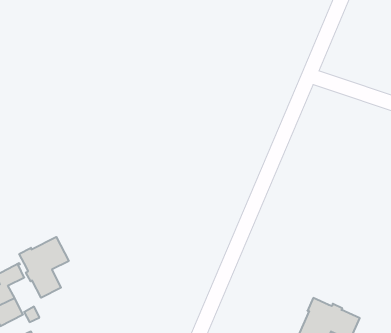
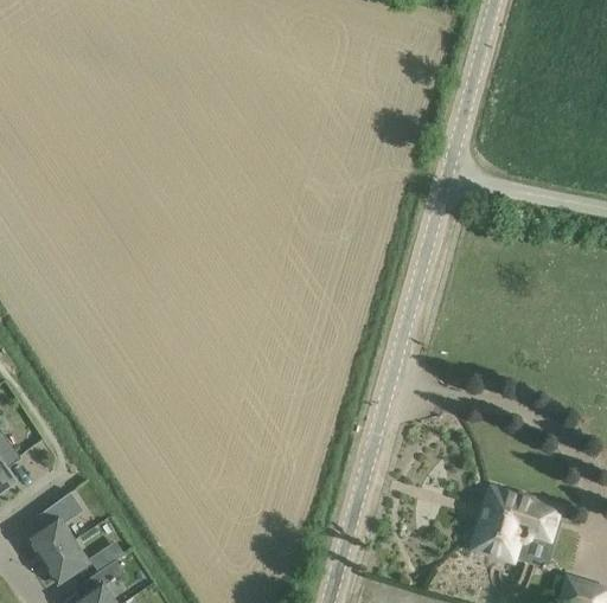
building: [19,237,69,298] -> none

